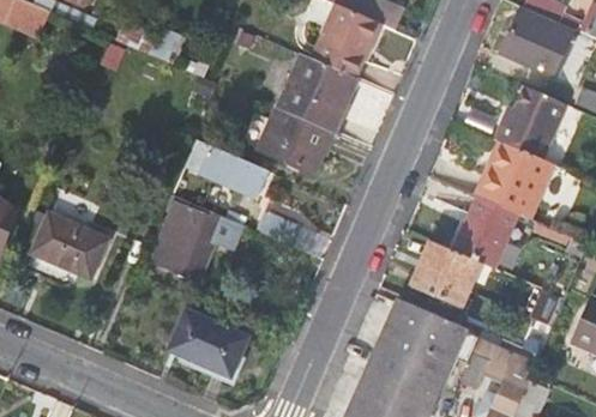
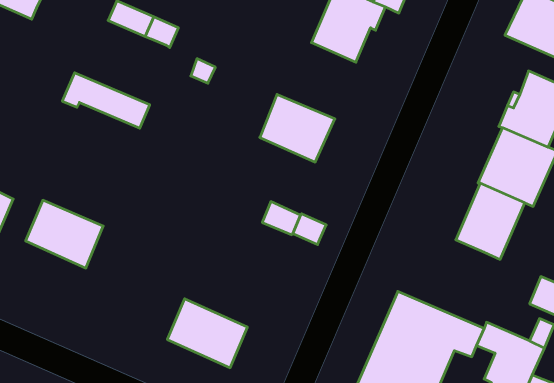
building: [277,54,357,133] -> none
building: [183,139,269,193] -> [62,73,150,128]
building: [153,197,243,271] -> none
building: [408,241,478,308] -> none

